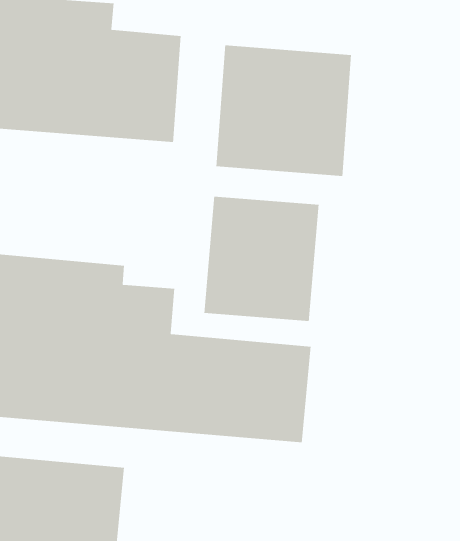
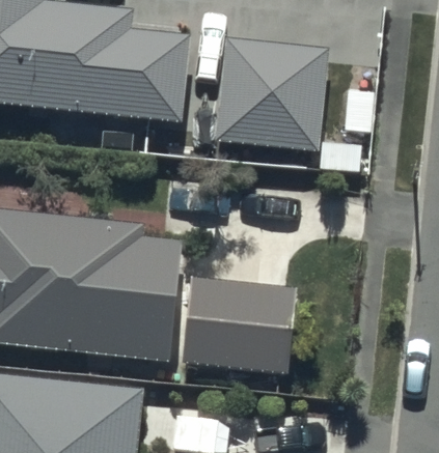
building: [204,196,320,322] -> none

